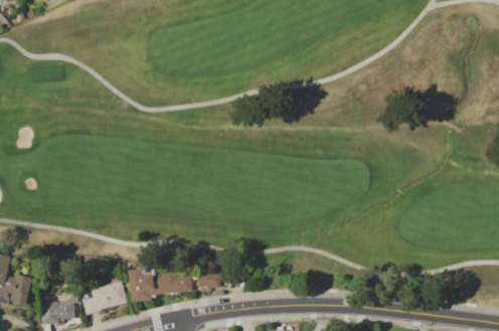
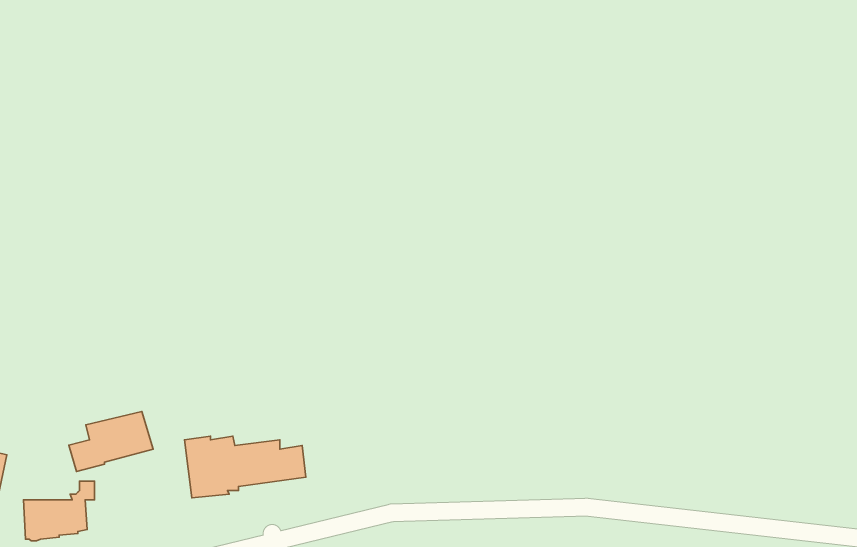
building: [196,270,221,288] -> none
building: [81,282,127,314] -> [69,412,153,472]

